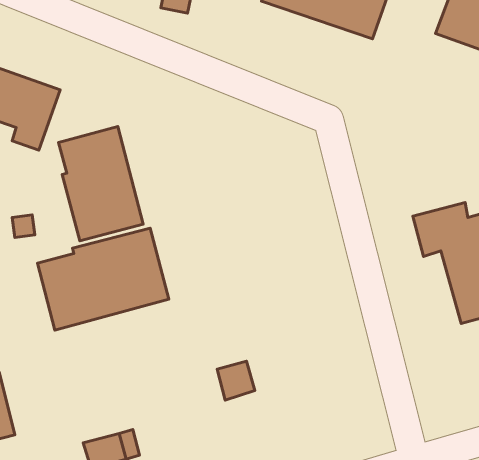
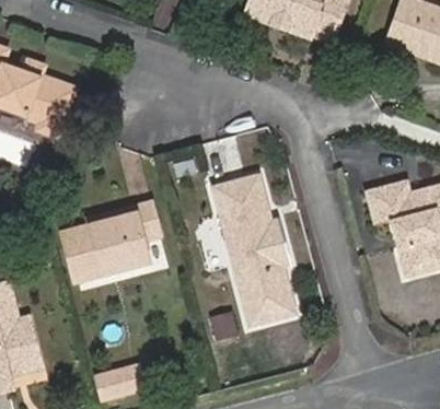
building: [59,126,143,241] -> none
building: none -> [211,174,297,328]

